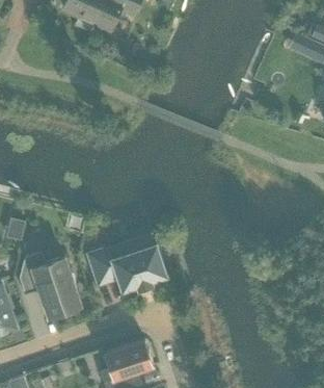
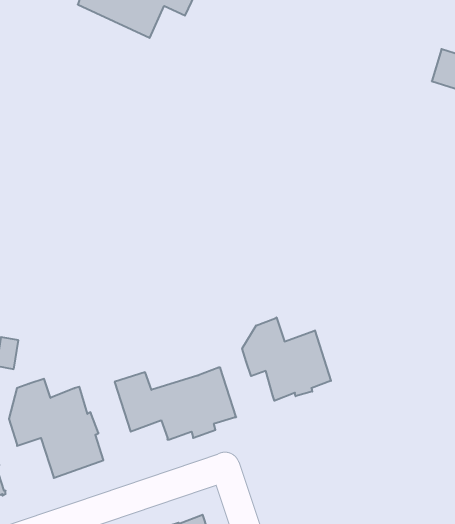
building: none -> [242,317,331,401]

